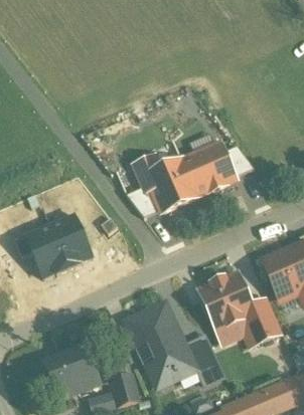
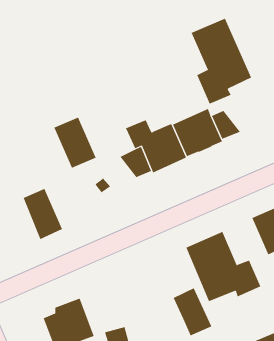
building: none -> [191,18,252,105]
building: [48,216,94,270] -> [53,117,97,168]
building: [127,302,193,384] -> none

